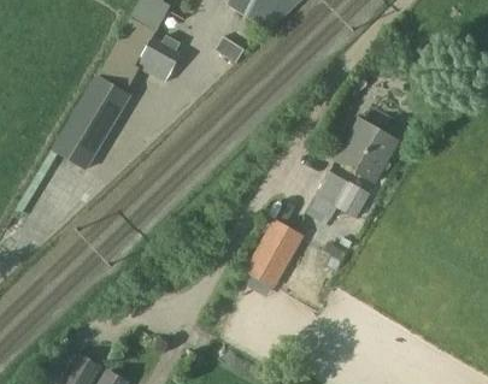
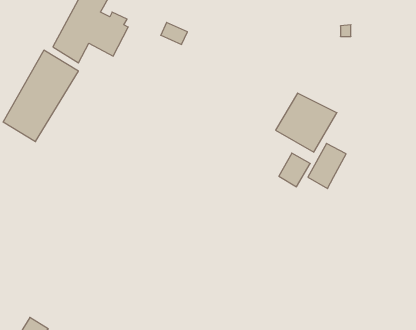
building: [312,171,352,218] -> [308,143,346,189]
building: [247,218,306,286] -> none

